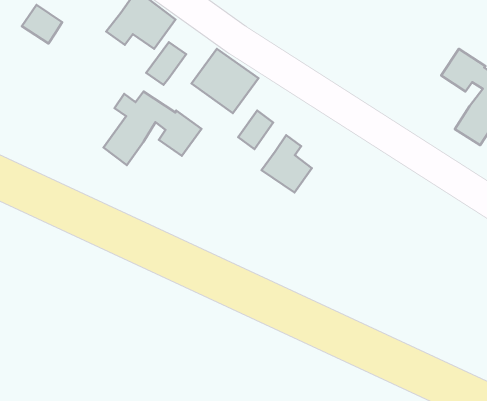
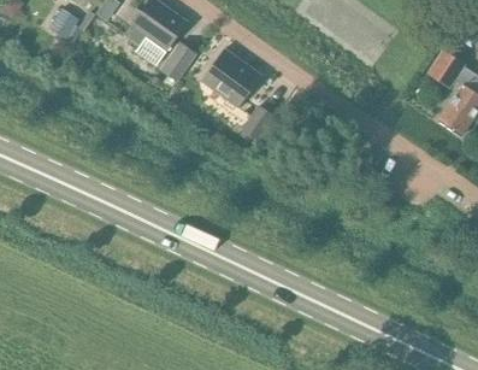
building: [103,91,201,165] -> none
building: [262,135,312,193] -> none

